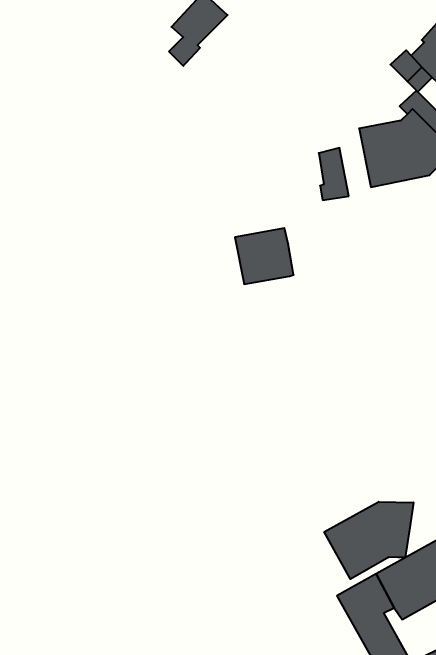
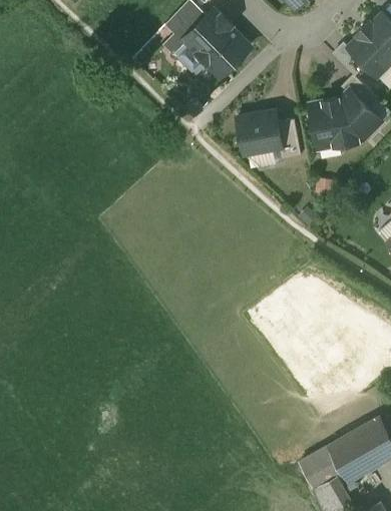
building: none -> [176,11,251,76]
building: [235,228,294,284] -> [238,111,283,154]
building: [324,502,413,579] -> none

